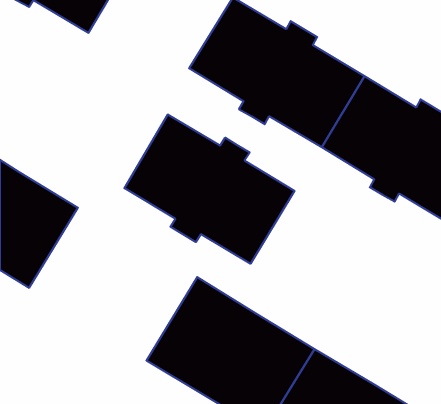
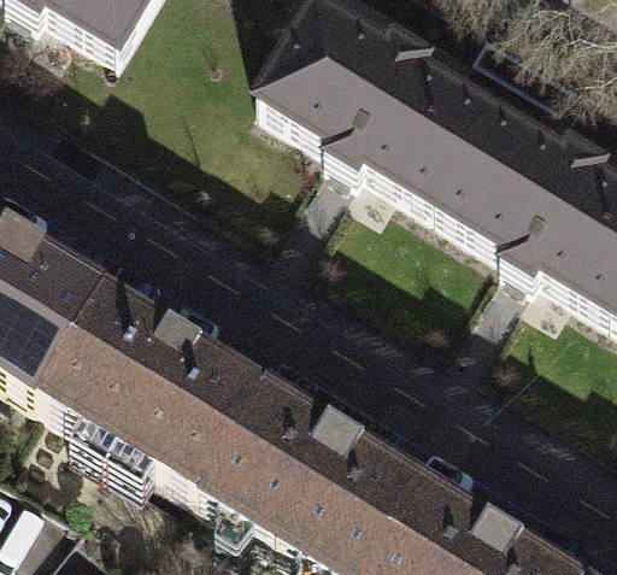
building: [124,114,294,264] -> none
building: none -> [55,292,284,501]

